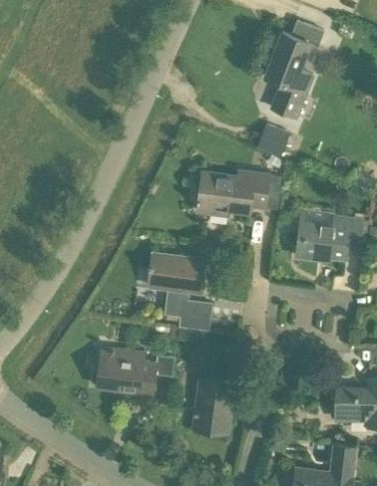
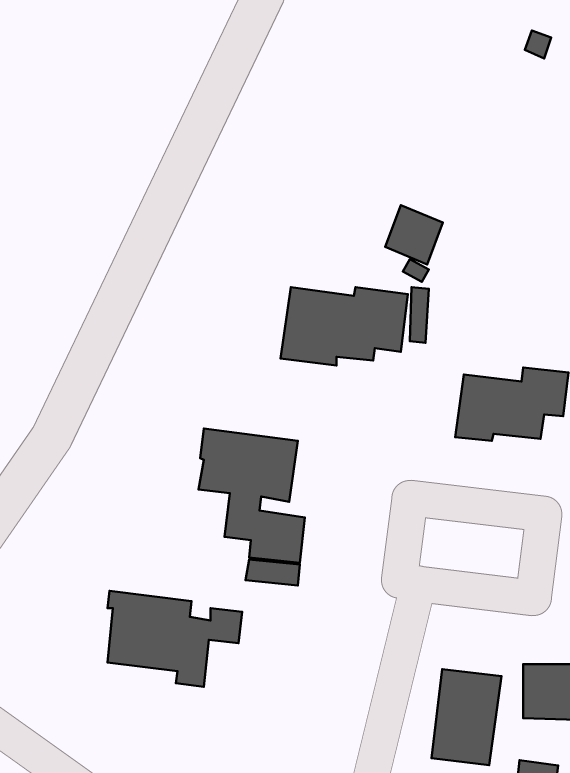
building: [265,21,324,117] -> none
building: [195,378,235,433] -> [432,669,501,765]

